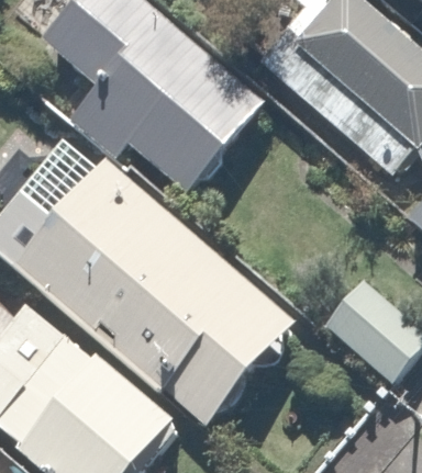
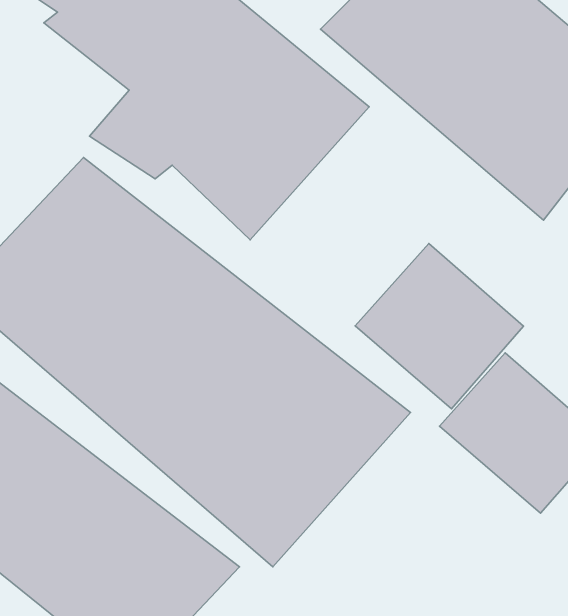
building: none -> [355,243,523,409]

